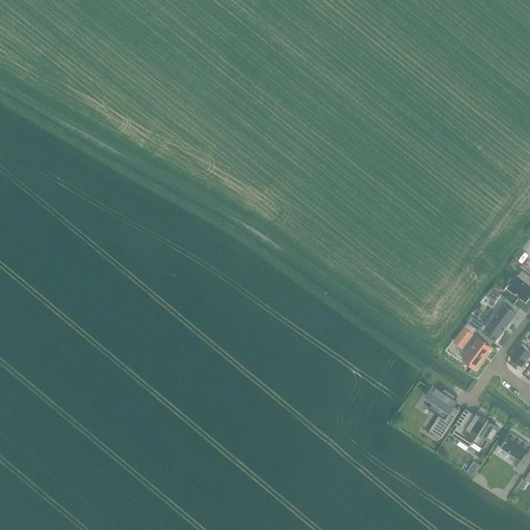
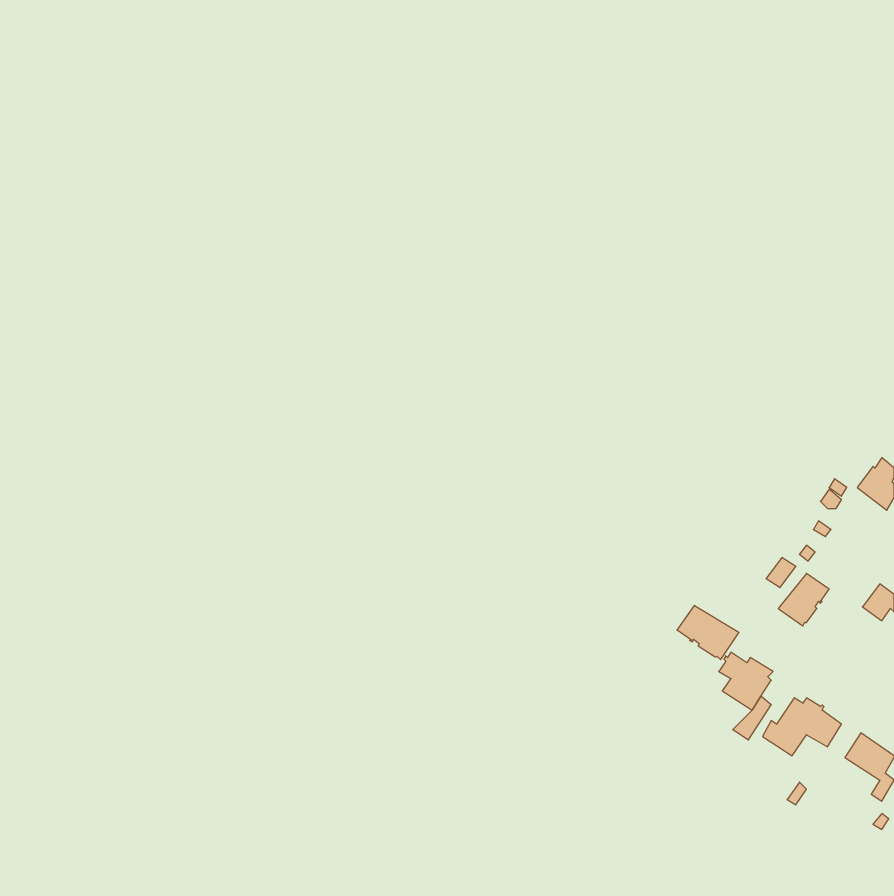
building: [483,304,514,337] -> none
building: none -> [677,605,739,660]

